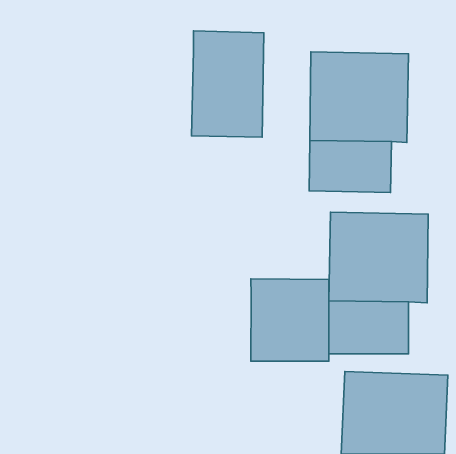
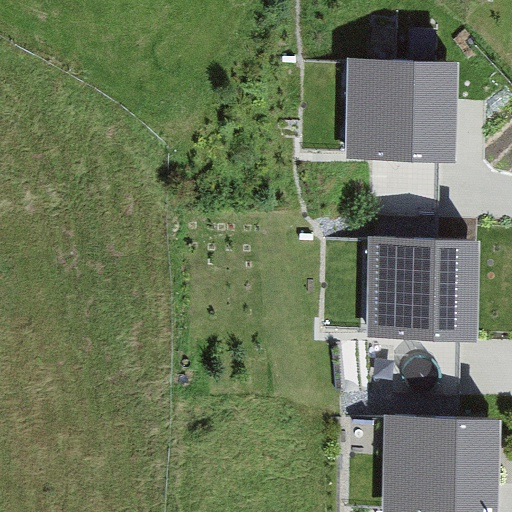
building: [192,31,264,137] -> none
building: [251,279,329,361] -> none

